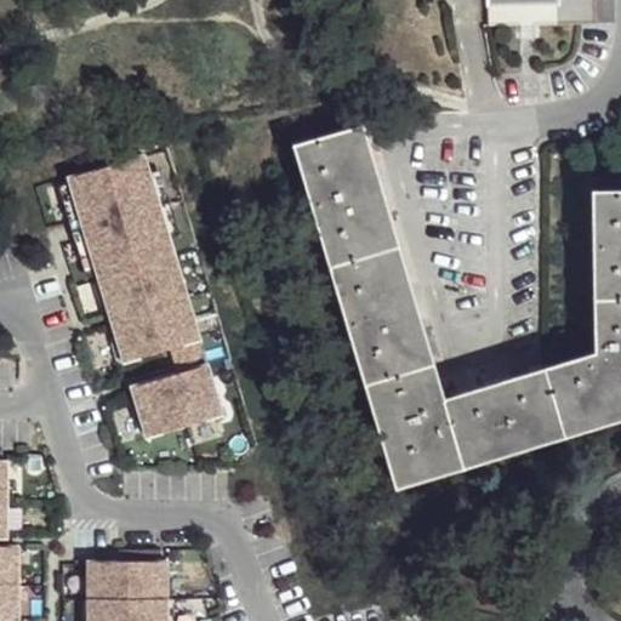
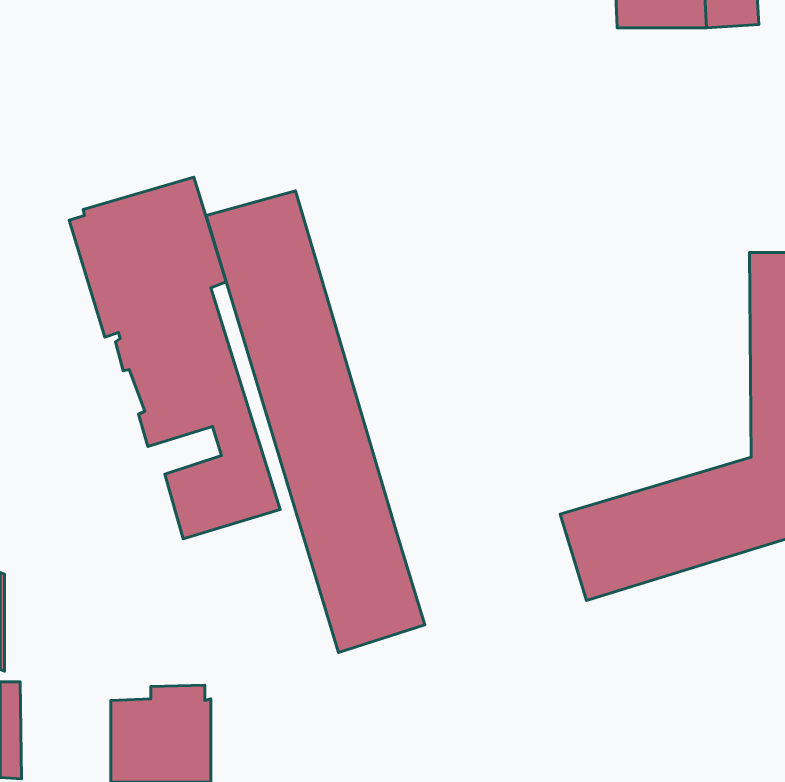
building: [291,131,463,495] -> [206,191,425,653]

